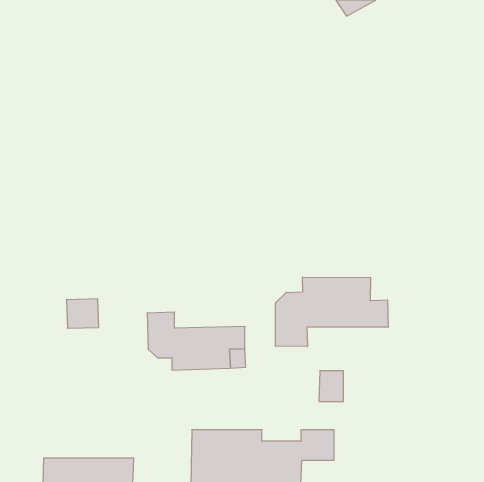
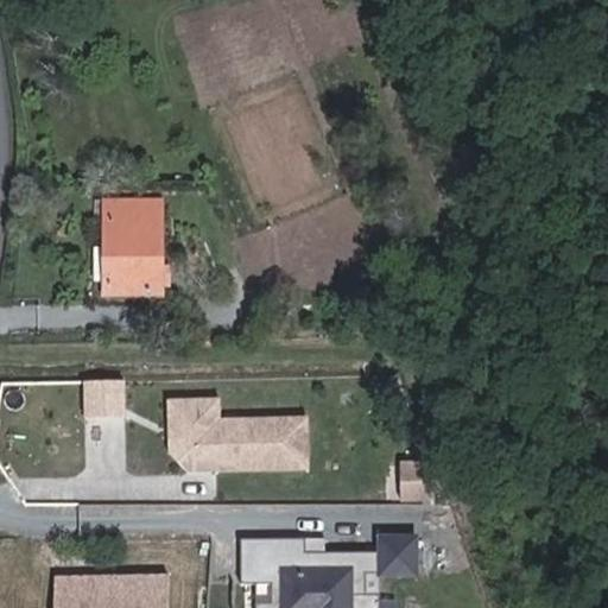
building: none -> [106,205,160,298]
building: [276,277,388,347] -> none
building: none -> [166,395,215,467]

